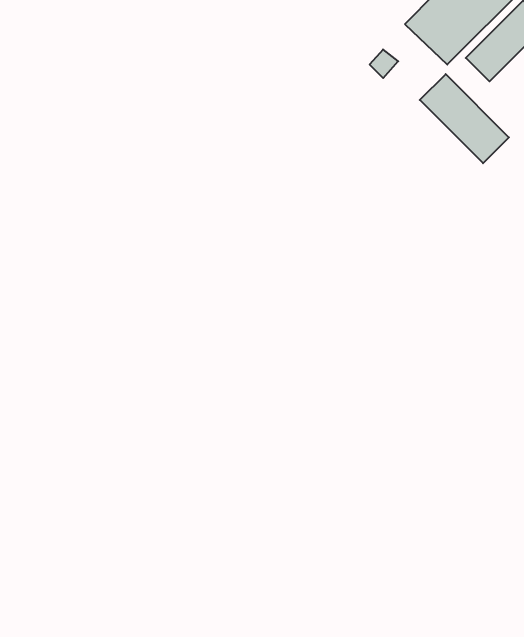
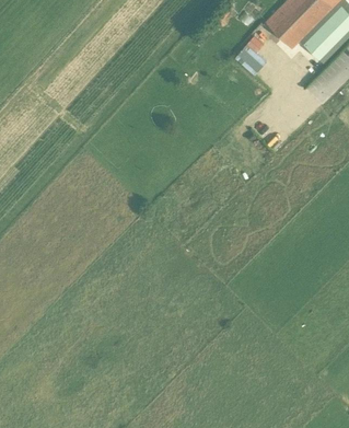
building: [420,74,509,163] -> none

